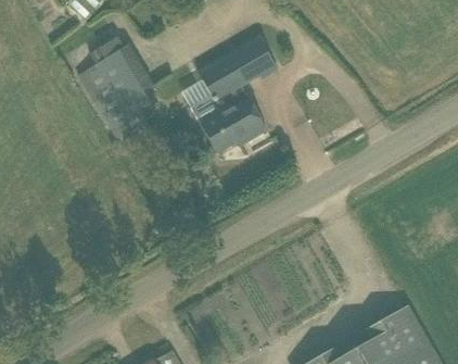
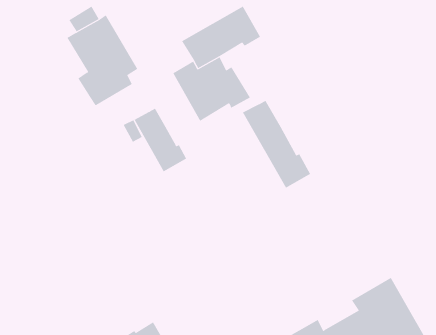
building: none -> [242,100,311,189]
building: none -> [134,108,187,172]

